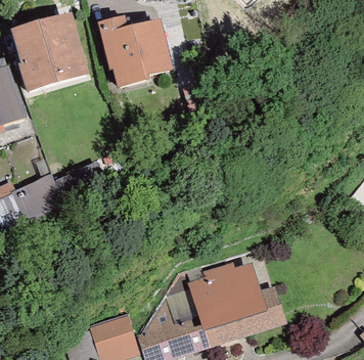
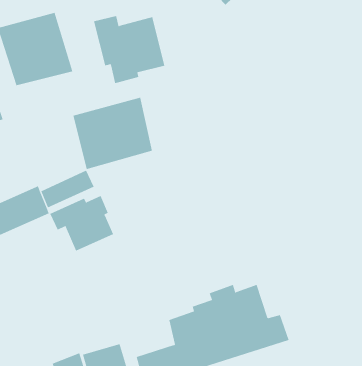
building: none -> [73,97,152,170]
building: none -> [50,195,114,252]

